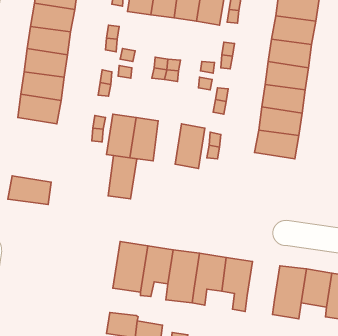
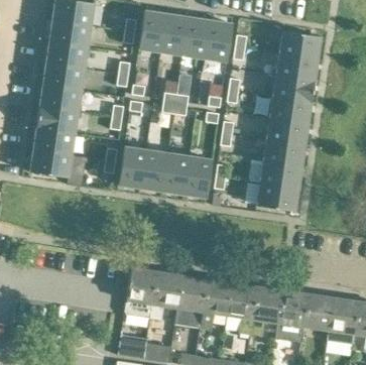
building: none -> [256,182,297,211]
building: [108,156,137,199] -> [162,152,190,194]
building: [8,176,51,204] -> [29,149,71,176]
building: none -> [250,286,283,335]

